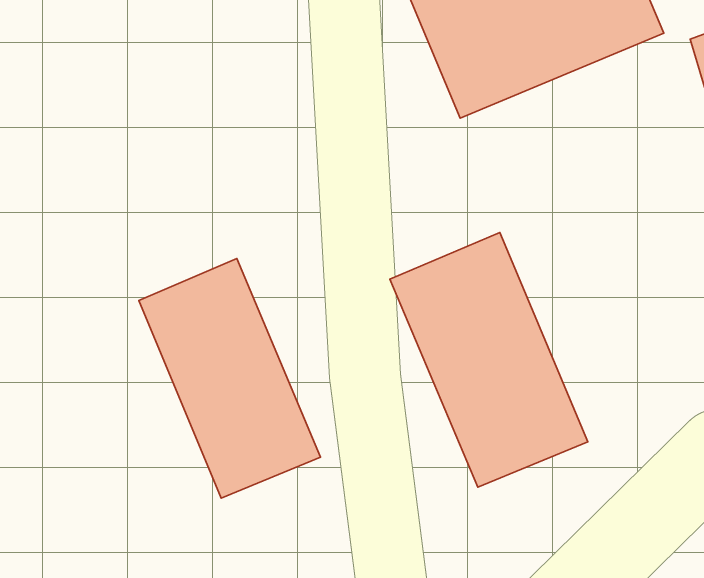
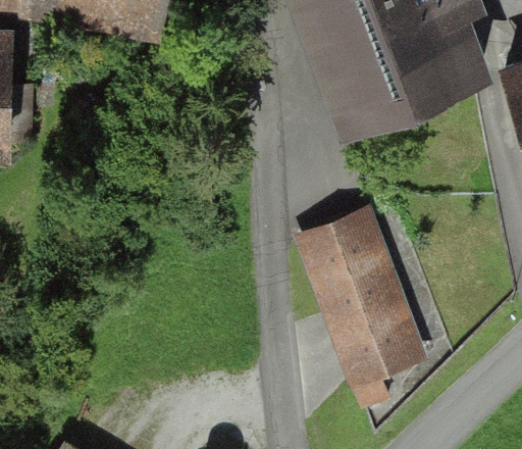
building: [139,259,320,498] -> none

